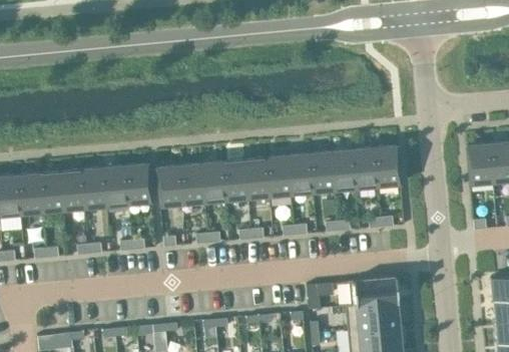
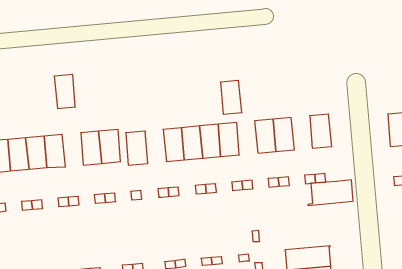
building: [353,148,378,189] -> none
building: [289,154,314,195] -> [221,80,242,114]
building: [180,164,205,205] -> none
building: [82,168,107,209] -> [54,75,75,109]
building: [346,277,399,307] -> [308,180,353,205]

